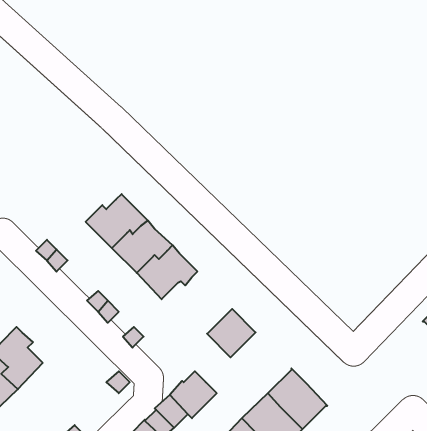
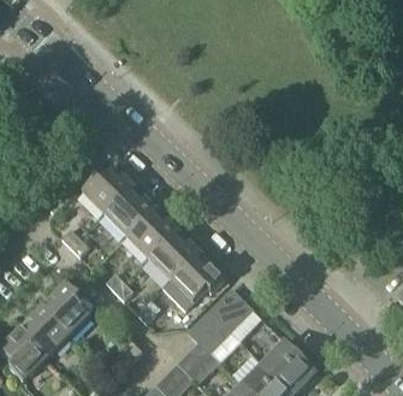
building: none -> [82,164,135,213]
building: none -> [162,256,224,309]
building: none -> [43,283,88,336]
building: none -> [188,311,230,353]

